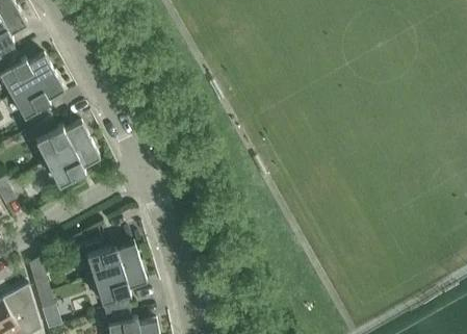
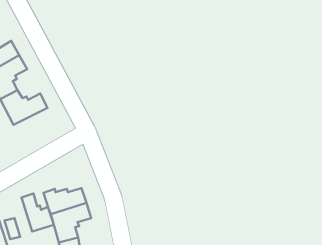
building: [46,140,99,188] -> none
building: none -> [21,194,54,232]

